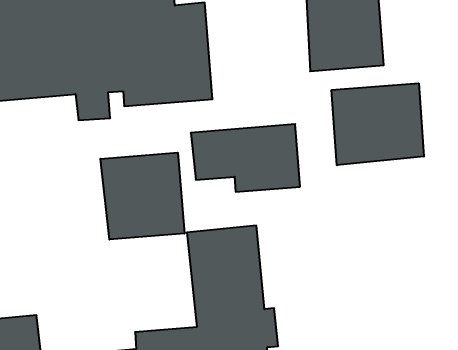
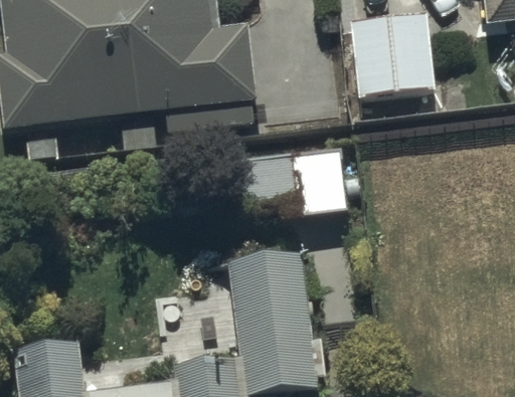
building: [332,83,424,165] -> none
building: [100,153,185,240] -> none

